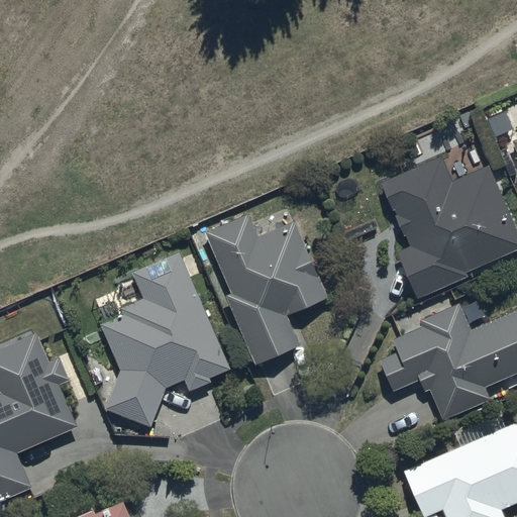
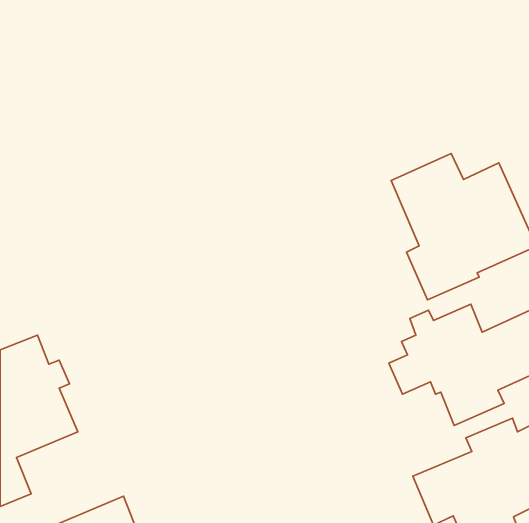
building: [206,214,326,364] -> none
building: [100,252,229,426] -> none

